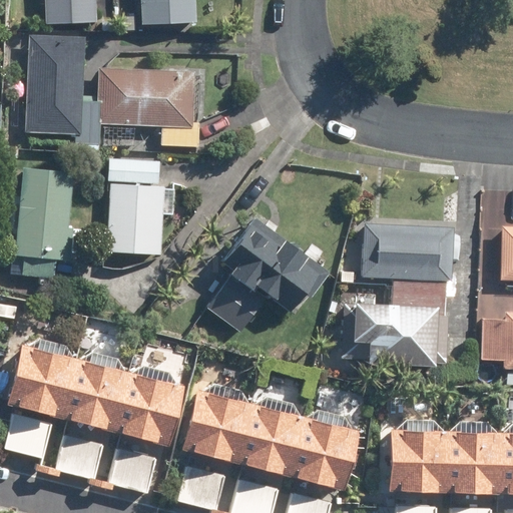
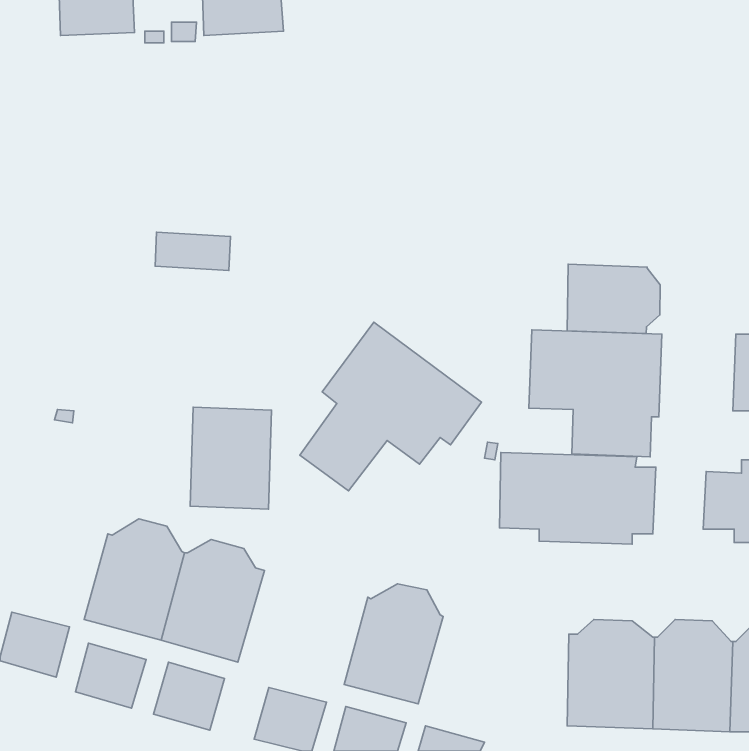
building: [25,35,86,134] -> none
building: [98,68,195,125] -> none
building: [15,168,73,277] -> none
building: none -> [567,264,660,334]
building: [108,184,163,253] -> [190,407,272,509]
building: [8,339,77,420] -> none
building: [179,382,253,464] -> none
building: [288,409,358,492] -> none

